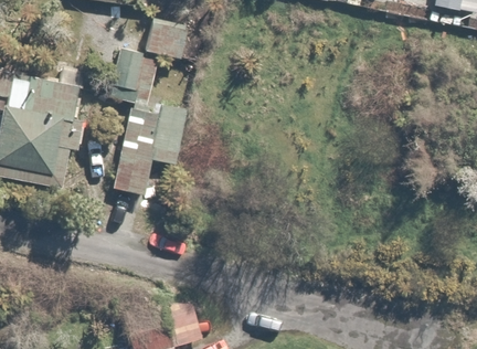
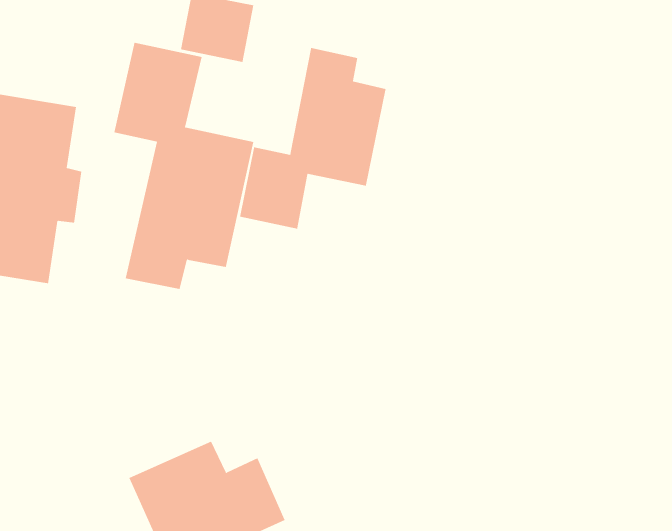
building: none -> [239,47,386,229]

